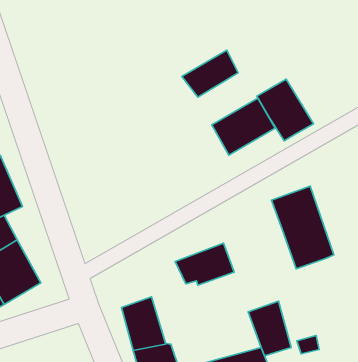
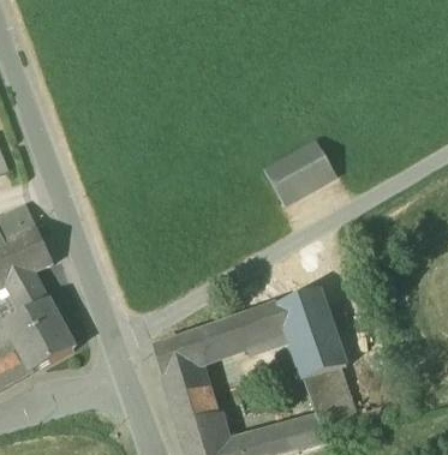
building: [182,50,238,97] -> none
building: [257,79,313,141] -> none
building: [272,186,334,269] -> [277,286,347,378]
building: none -> [155,322,235,373]

